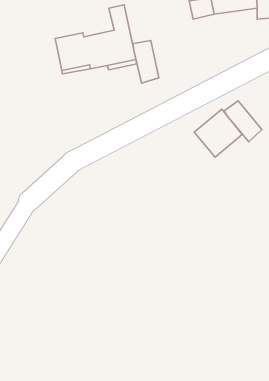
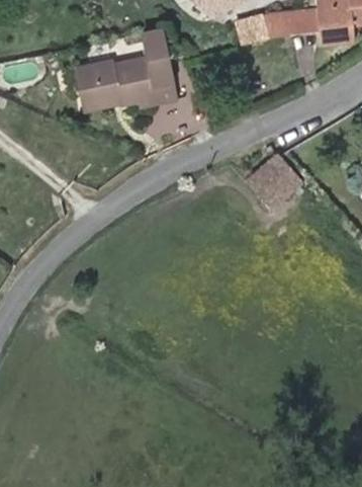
building: [133,41,159,83] -> none
building: [224,101,262,142] -> none

